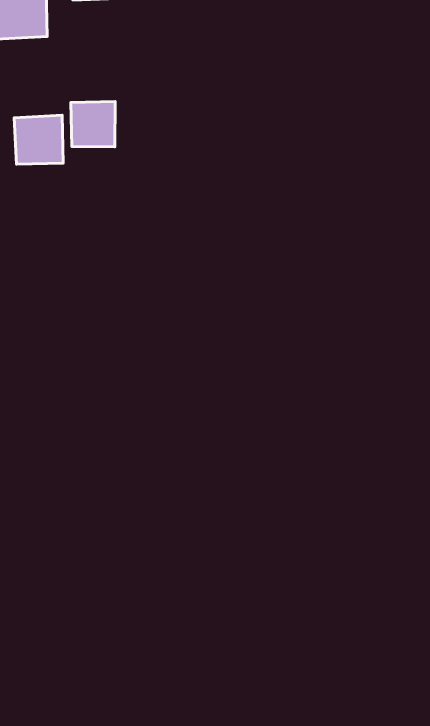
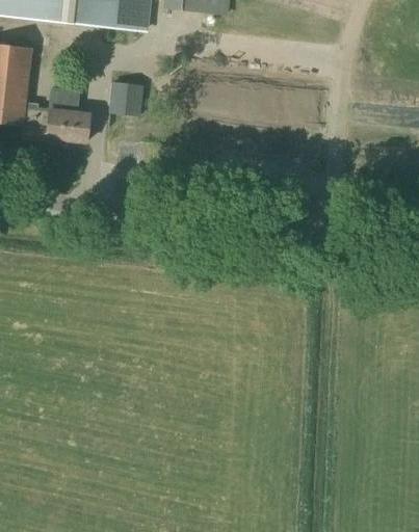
building: [71,102,115,147] -> none

